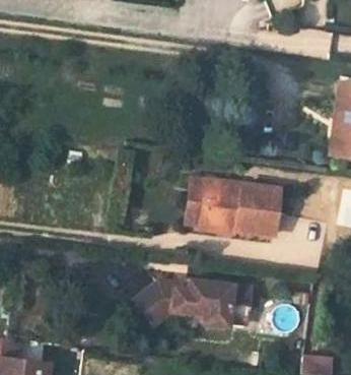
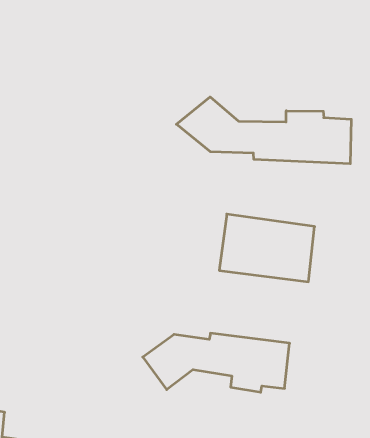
building: none -> [176,97,351,164]

